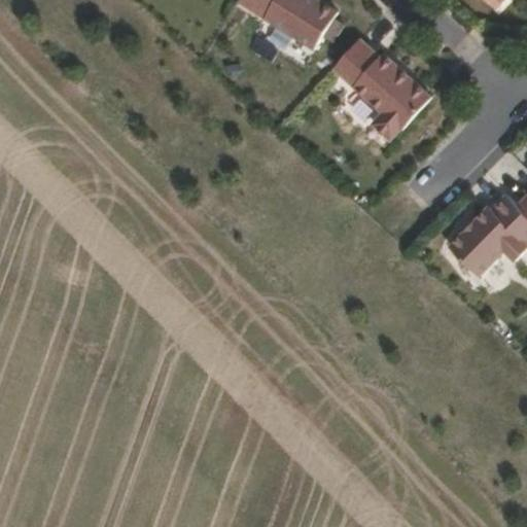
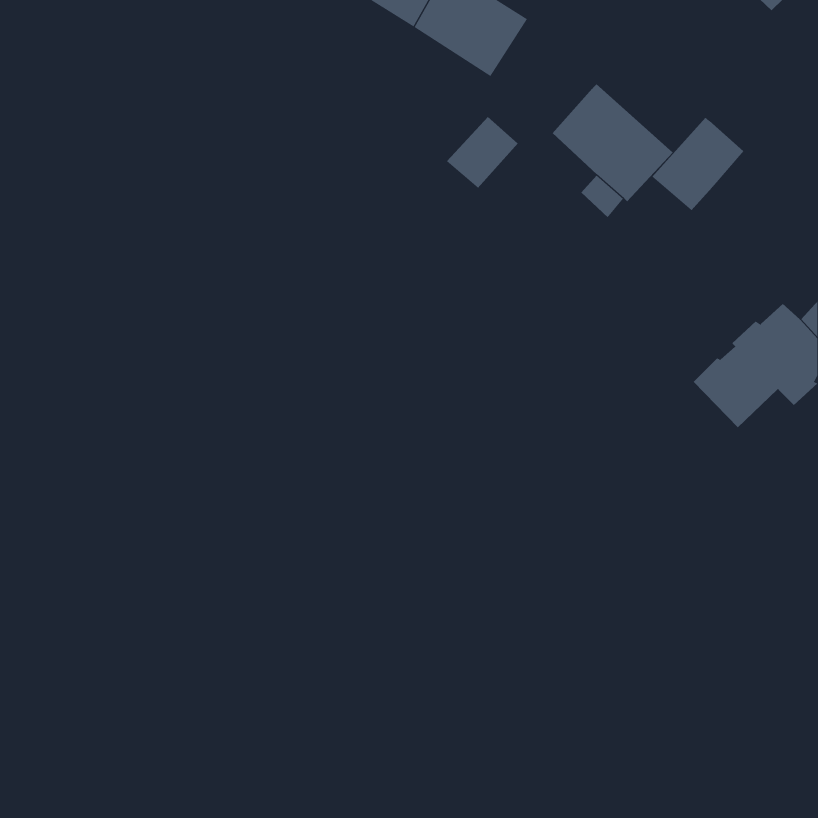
building: [333,39,380,85] -> [446,116,518,188]
building: none -> [652,117,744,211]

